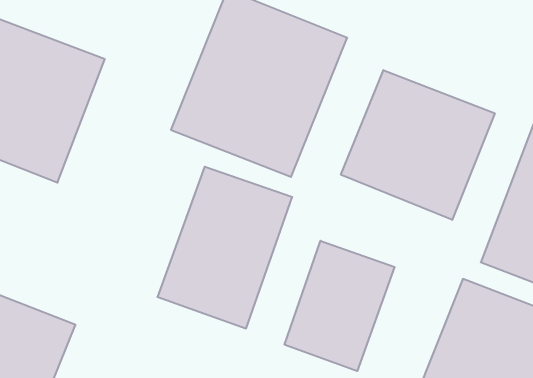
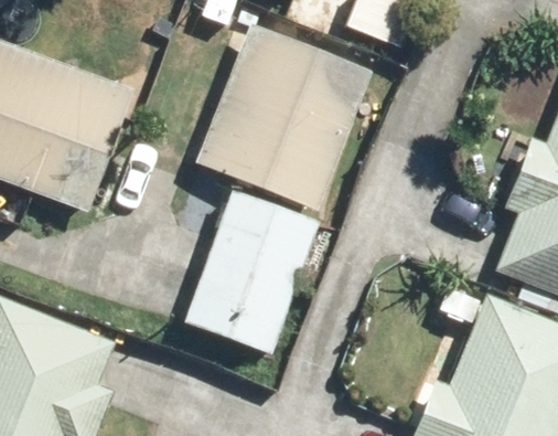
building: [341,70,495,220] -> none
building: [285,241,395,371] -> none

